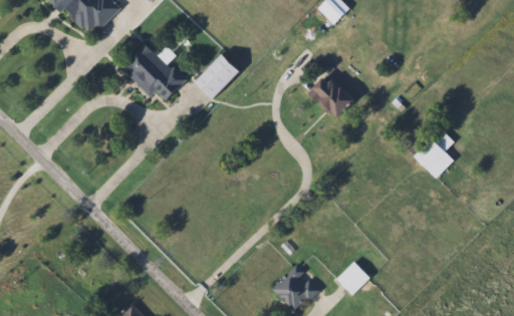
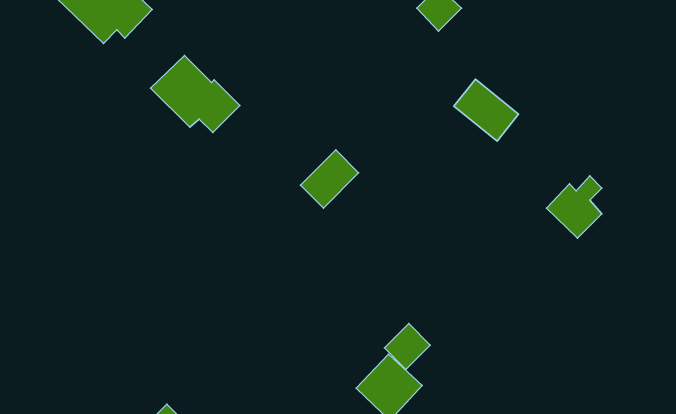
building: [193,55,236,98] -> [301,150,359,208]
building: [307,73,355,119] -> [454,79,519,141]
building: [336,262,370,296] -> [384,324,430,369]

